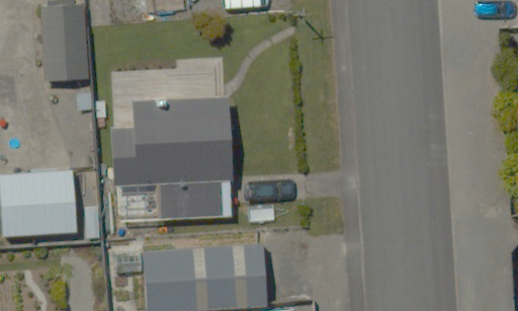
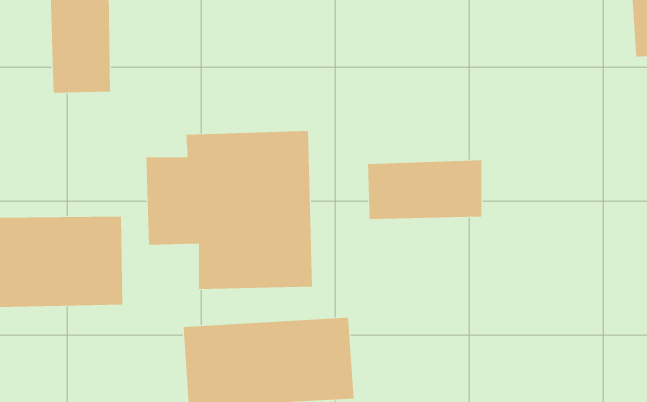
building: none -> [368,160,482,220]

